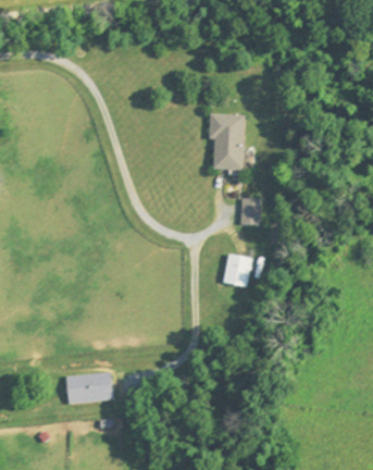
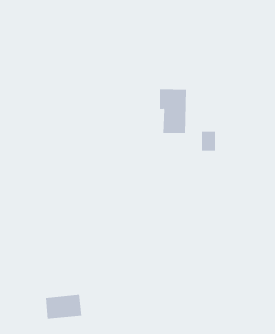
building: [241,199,260,224] -> [201,131,216,151]
building: [223,253,252,288] -> none

